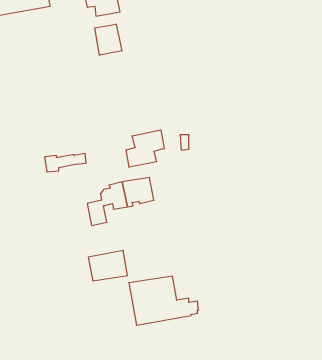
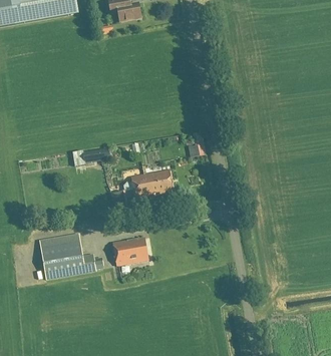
building: [95,24,122,55] -> none
building: [126,130,164,167] -> none
building: [129,276,199,325] -> [39,234,103,279]

